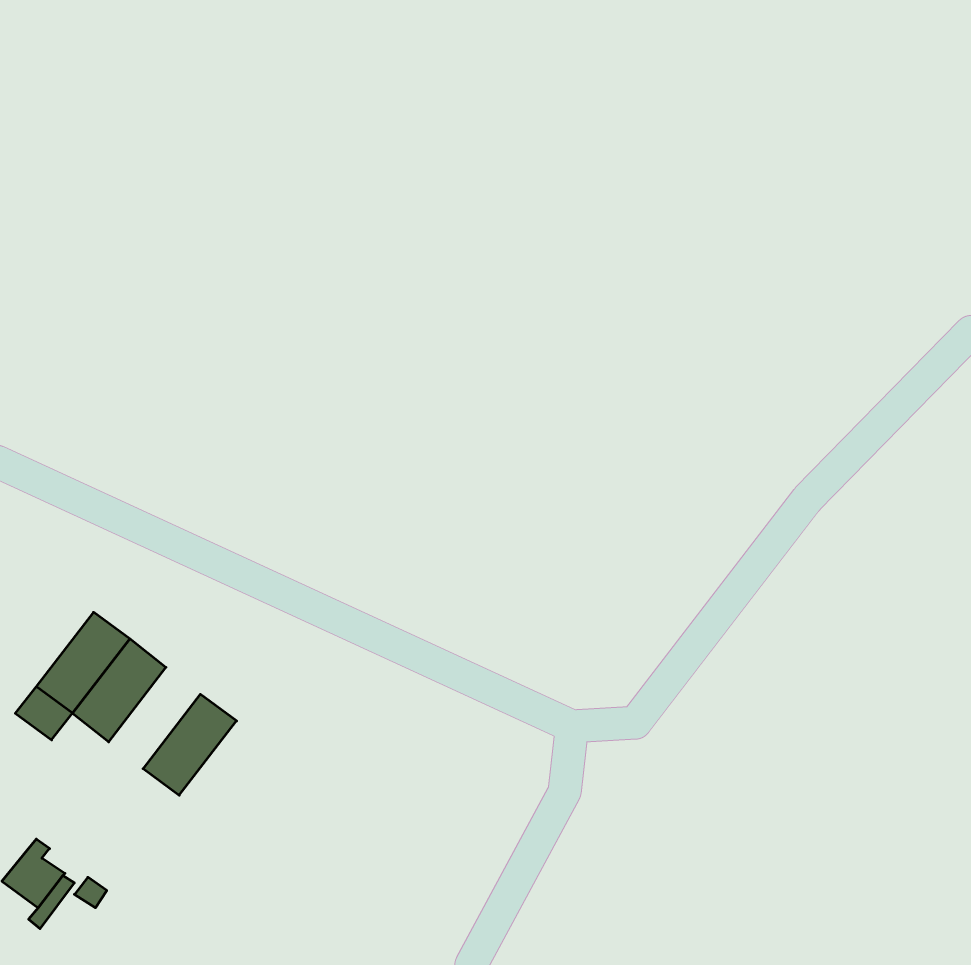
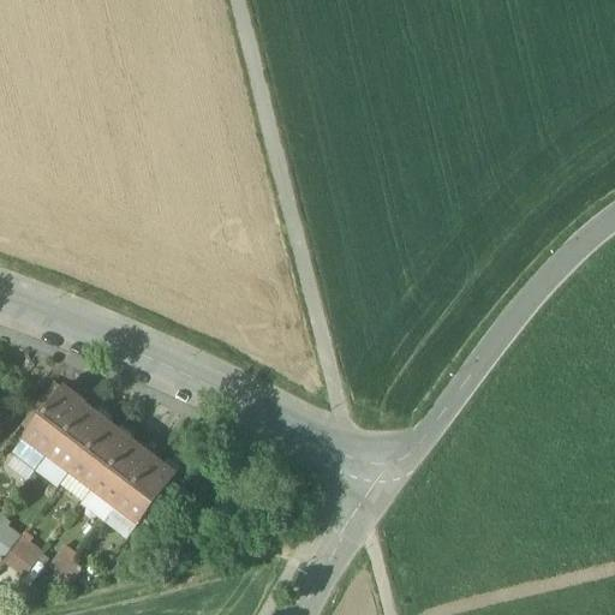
building: none -> [68,420,126,484]
building: none -> [113,454,172,519]

